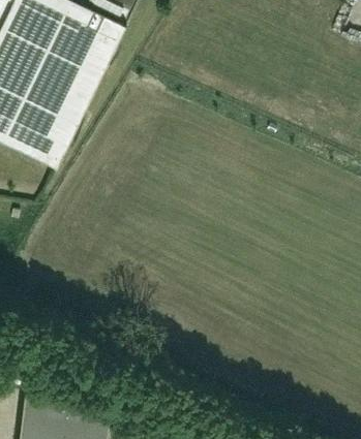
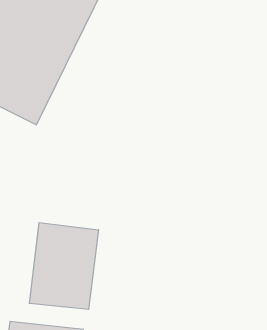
building: none -> [29,223,98,309]

